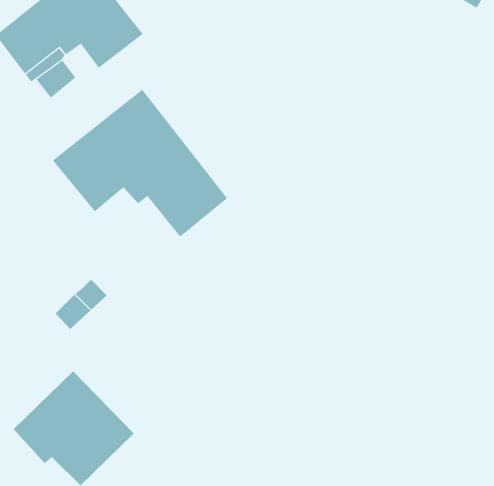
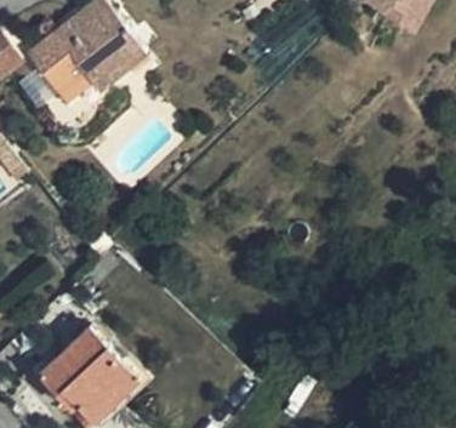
building: [52,89,228,237] -> none

